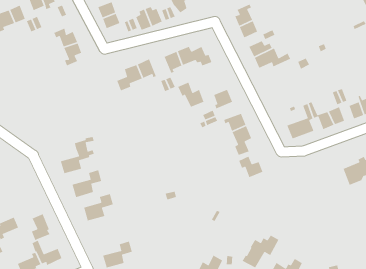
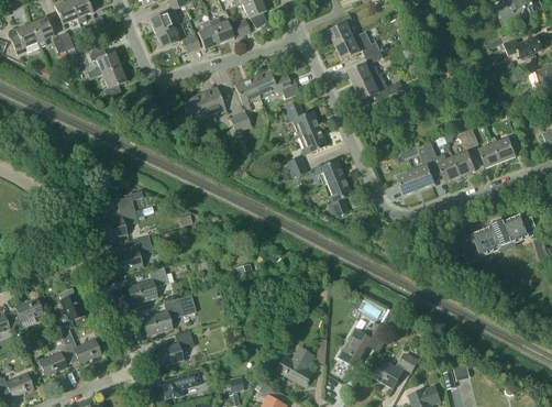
building: [177,81,204,108] -> [283,100,319,135]
building: [238,156,263,178] -> none
building: none -> [142,294,196,336]

